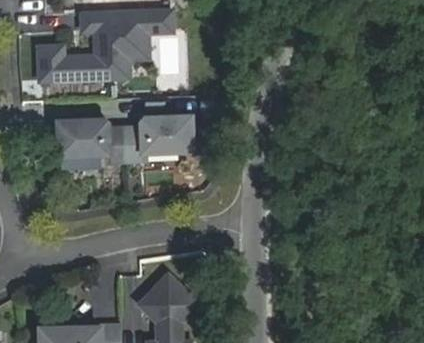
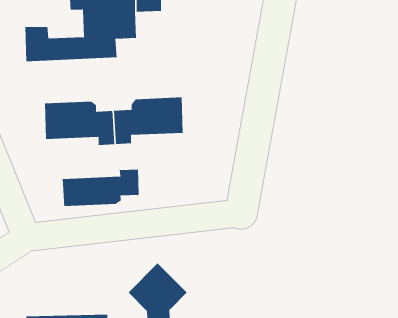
building: none -> [62,169,139,207]

